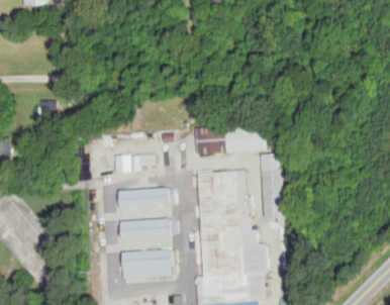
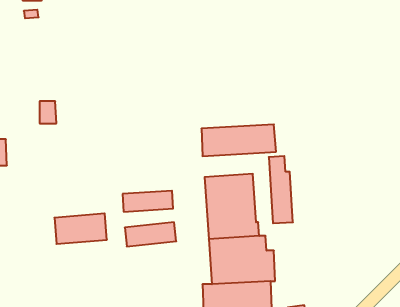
building: [121,248,172,278] -> [54,213,107,244]

